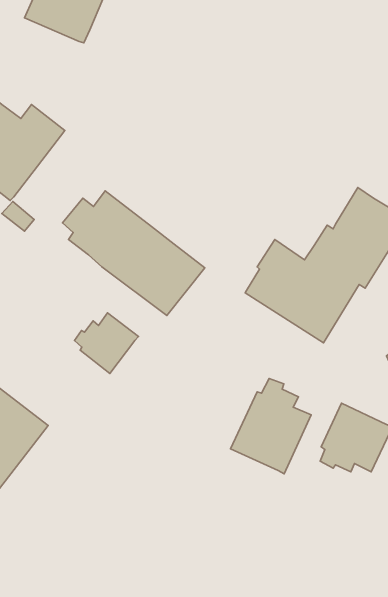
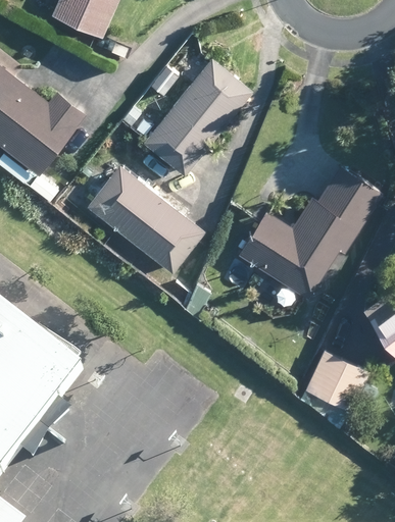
building: none -> [145,60,253,177]
building: [74,313,138,373] -> none
building: [230,378,311,474] -> none

